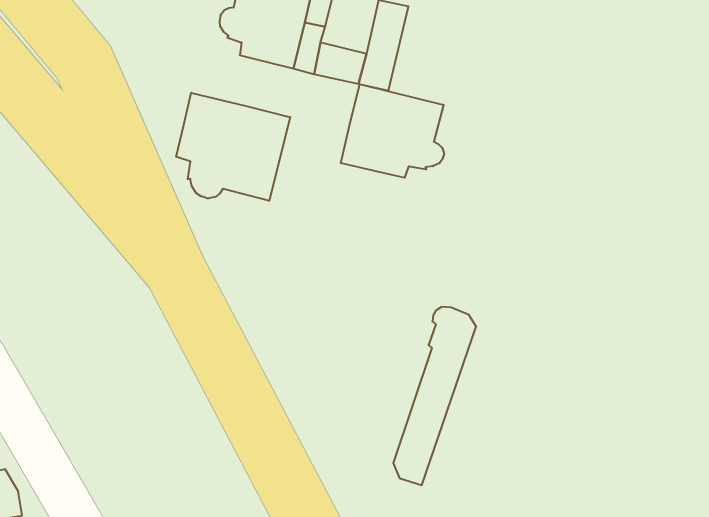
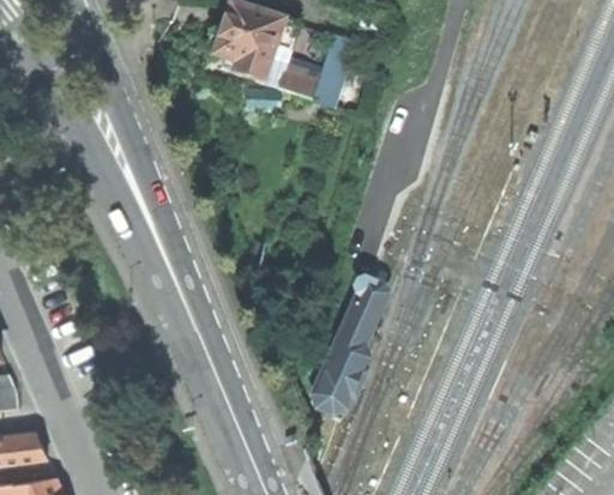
building: [341,84,444,178] -> none
building: [176,93,290,201] -> none

